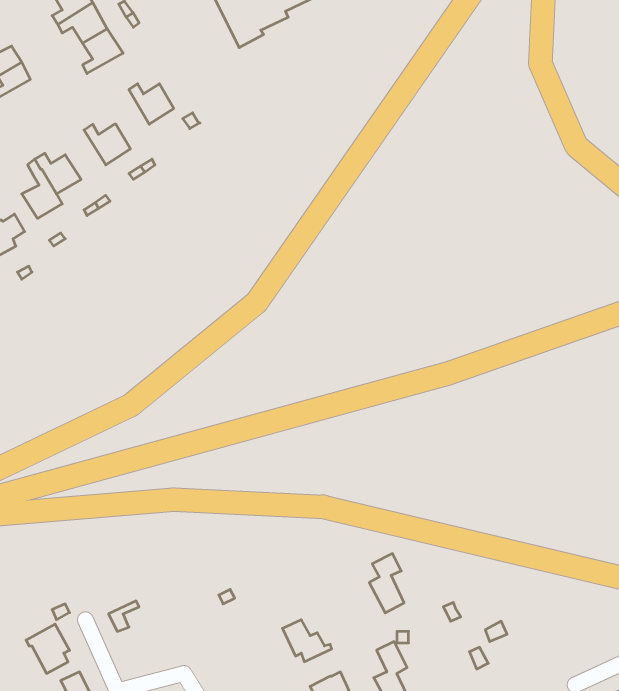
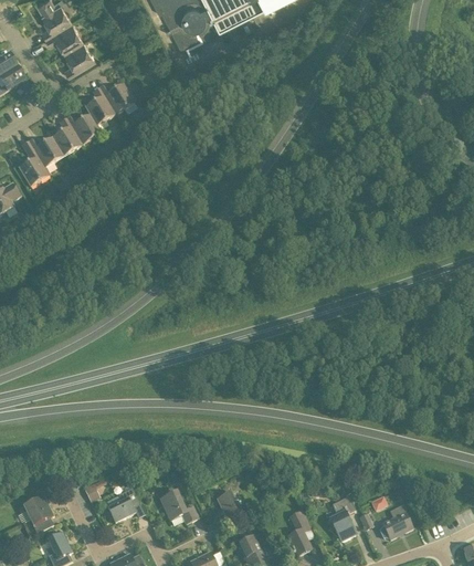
building: none -> [83,87,114,125]
building: none -> [50,118,81,156]
building: [369,554,404,613] -> [328,496,355,542]
building: none -> [106,488,139,522]
building: none -> [159,491,198,524]
building: none -> [378,504,412,539]

